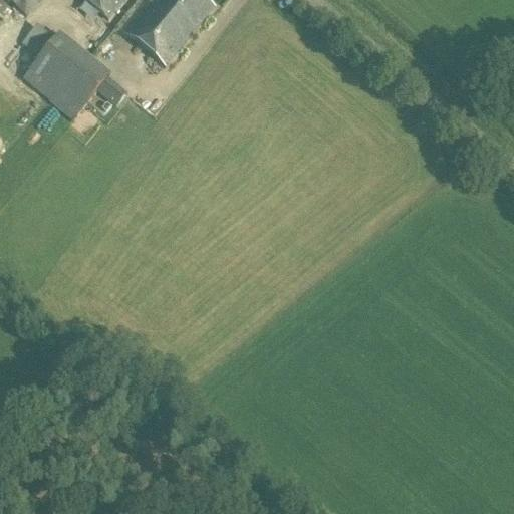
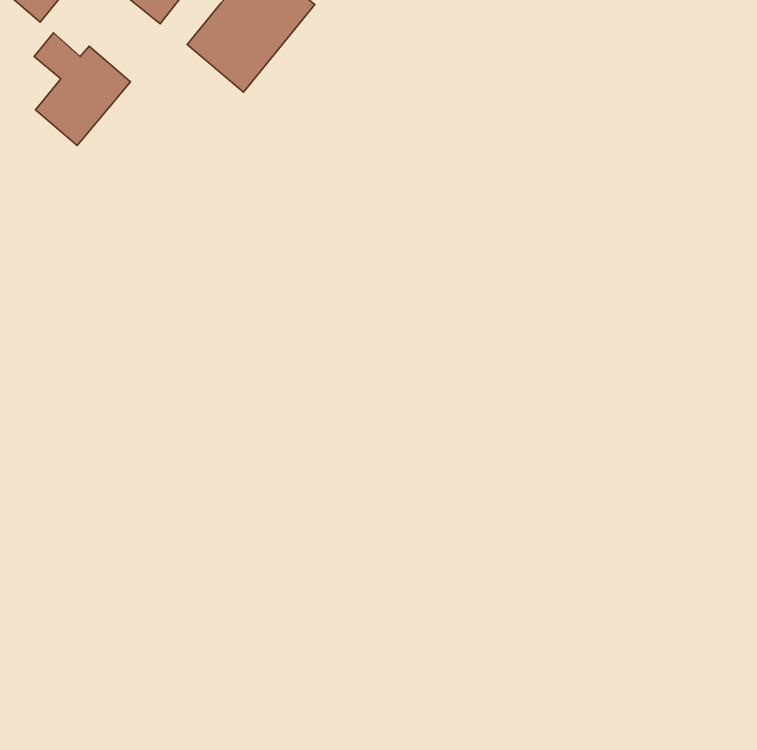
building: [53,55,110,115] -> none

